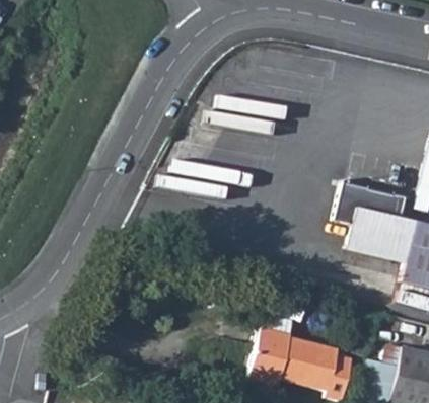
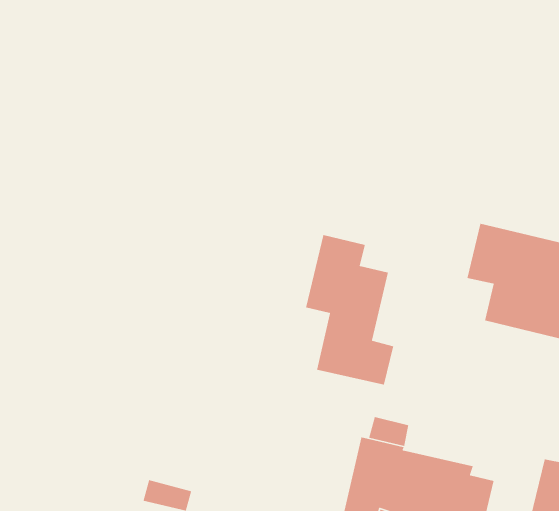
building: none -> [305,234,394,385]

